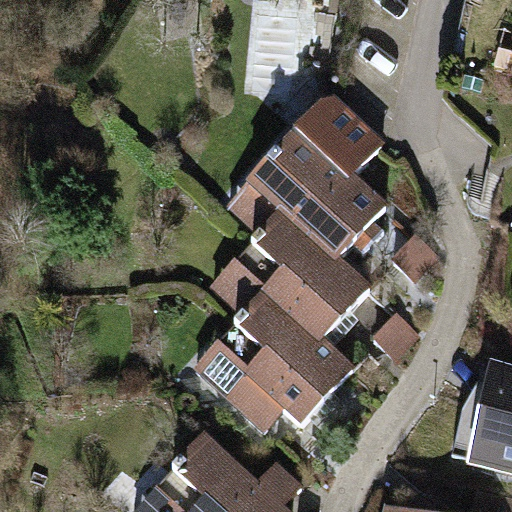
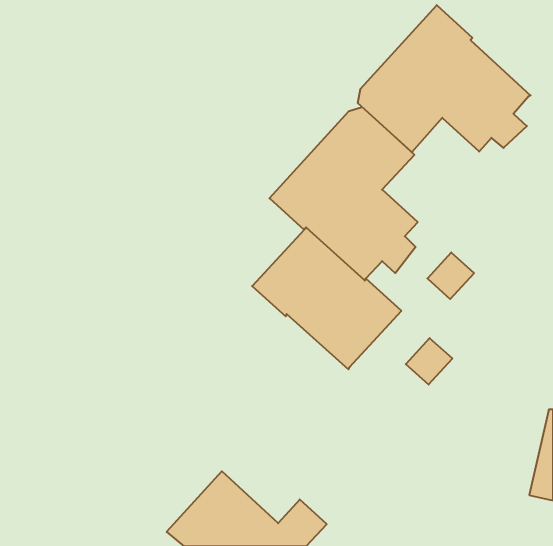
building: none -> [358,5,531,152]
building: [215,290,354,428] -> none

